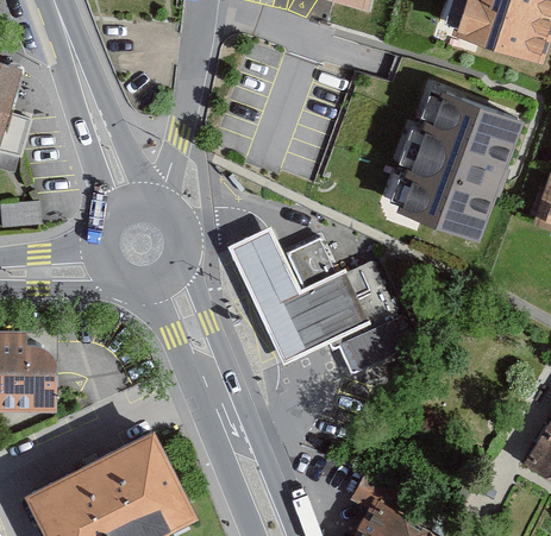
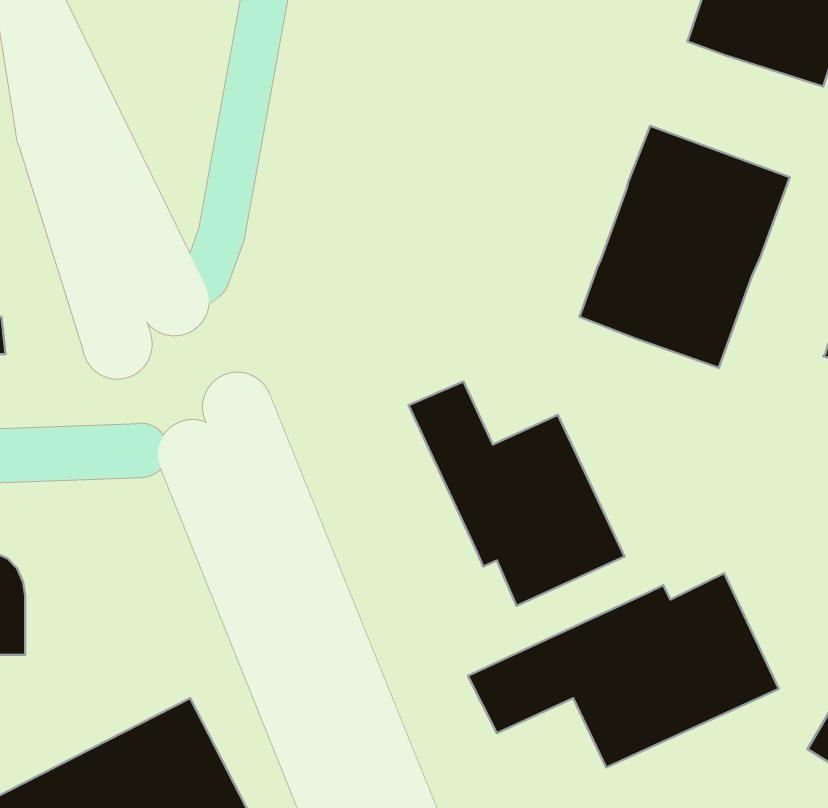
building: [228,228,327,364] -> none
building: none -> [468,573,779,767]

